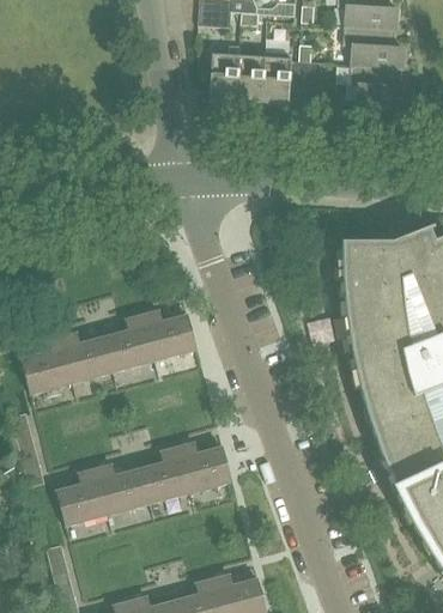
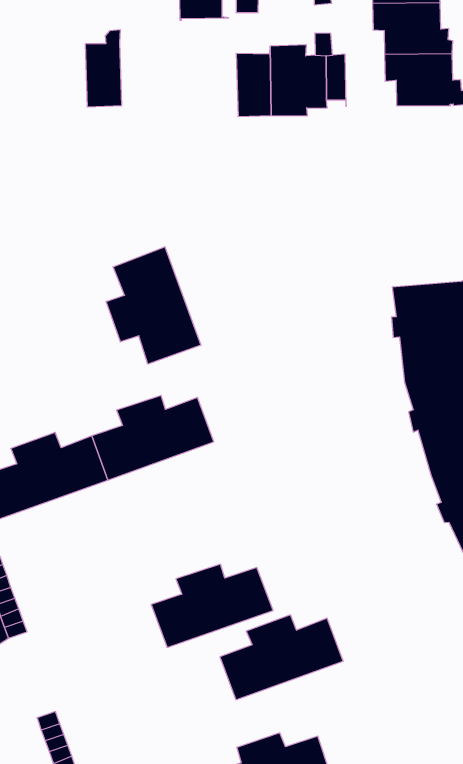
building: [210,45,239,103] -> [85,30,122,107]
building: none -> [106,247,201,364]
building: [56,463,150,524] -> [220,615,343,700]

